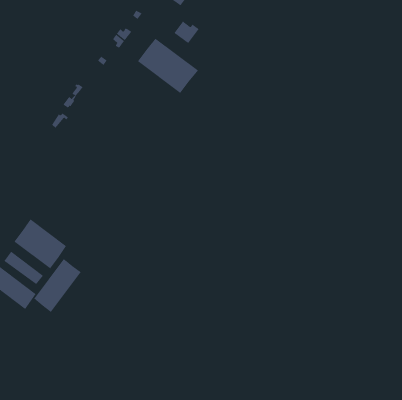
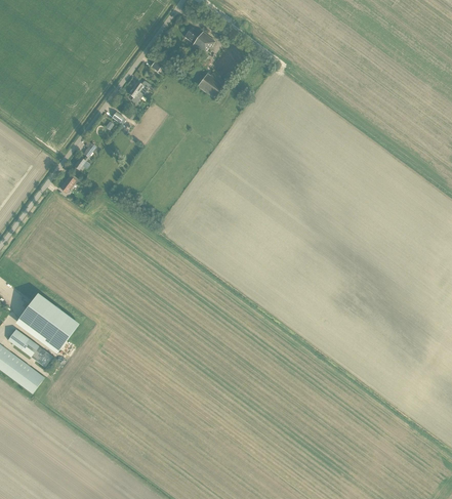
building: [137,38,199,94] -> none
building: [33,258,81,313] -> none

